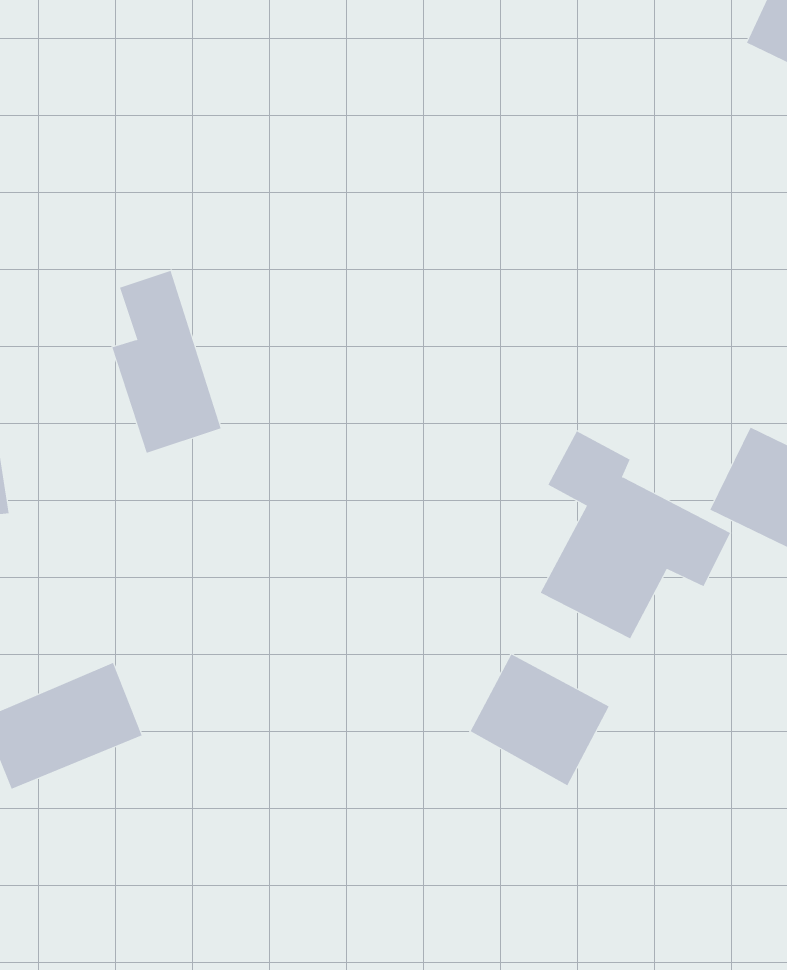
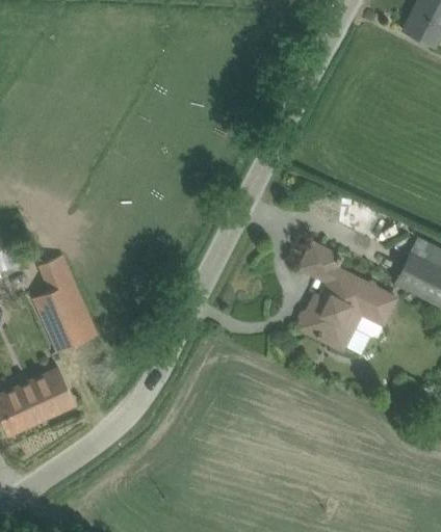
building: [111,270,221,453] -> [22,249,81,348]
building: [470,653,609,786] -> none

